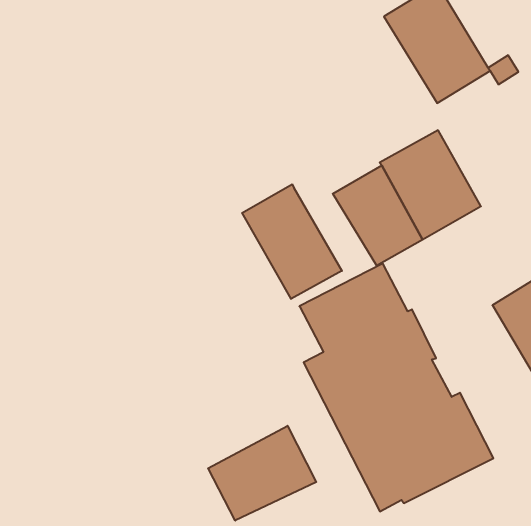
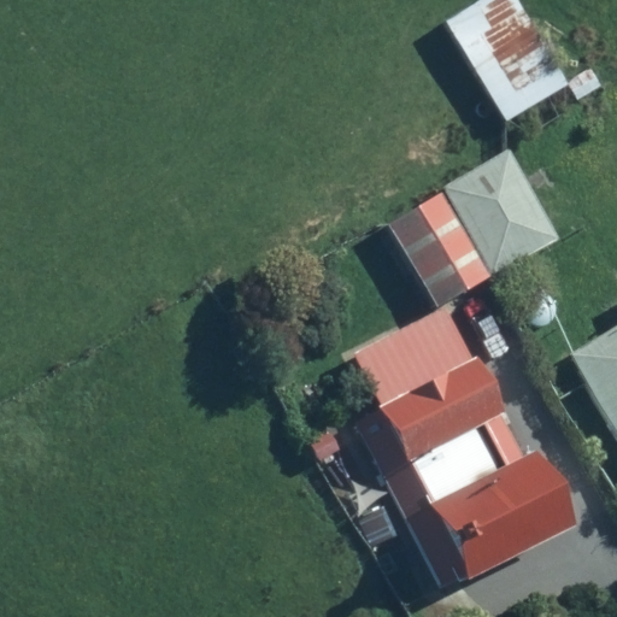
building: [242,184,342,299] -> none
building: [208,426,316,521] -> none

